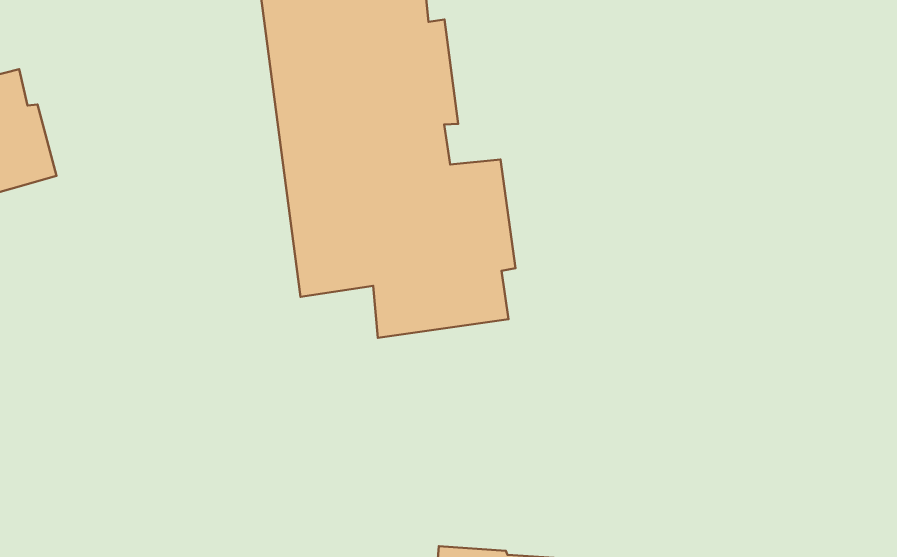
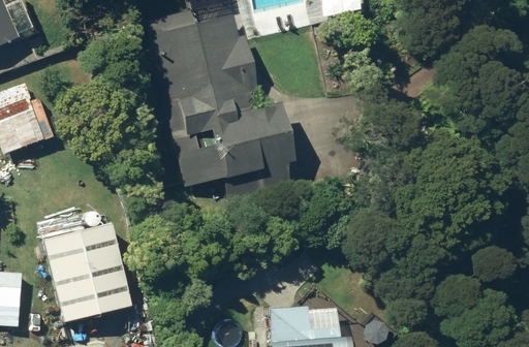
building: none -> [44,222,133,321]

